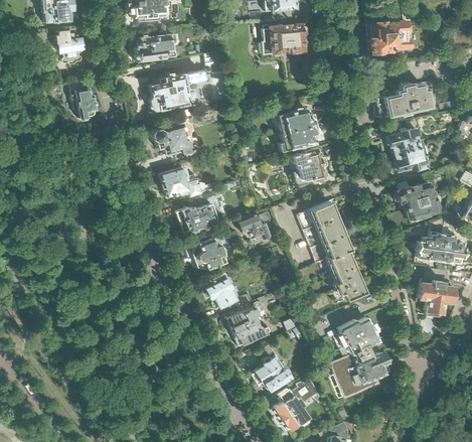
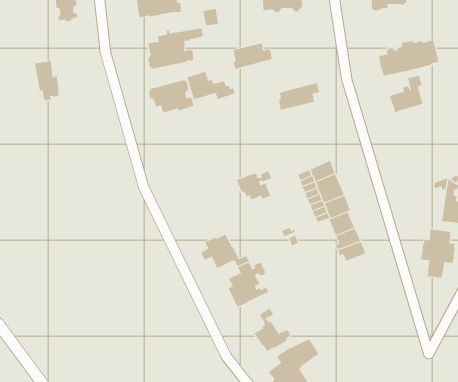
building: [70,81,96,120] -> [34,60,60,100]
building: [278,109,317,135] -> [233,43,273,69]
building: [395,146,427,171] -> none
building: [293,148,328,186] -> none
building: [160,169,208,197] -> [186,71,236,100]
building: [395,182,438,222] -> none
building: [176,204,219,234] -> none
building: [417,232,443,262] -> none
building: [192,236,229,270] -> none
building: [332,318,389,397] -> none

